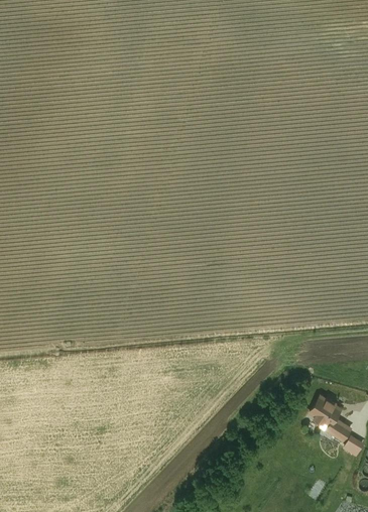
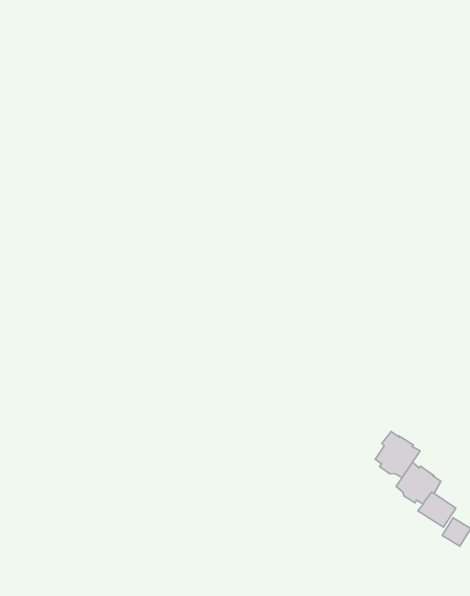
building: none -> [375,432,420,478]

